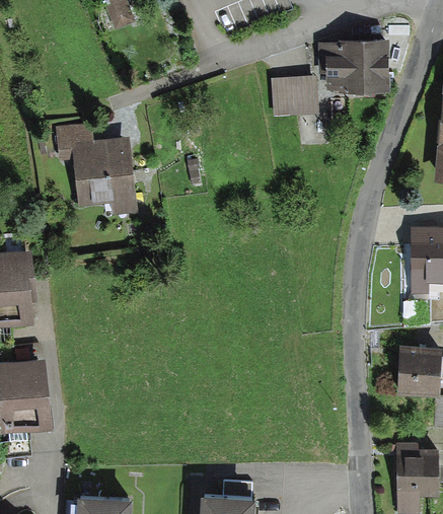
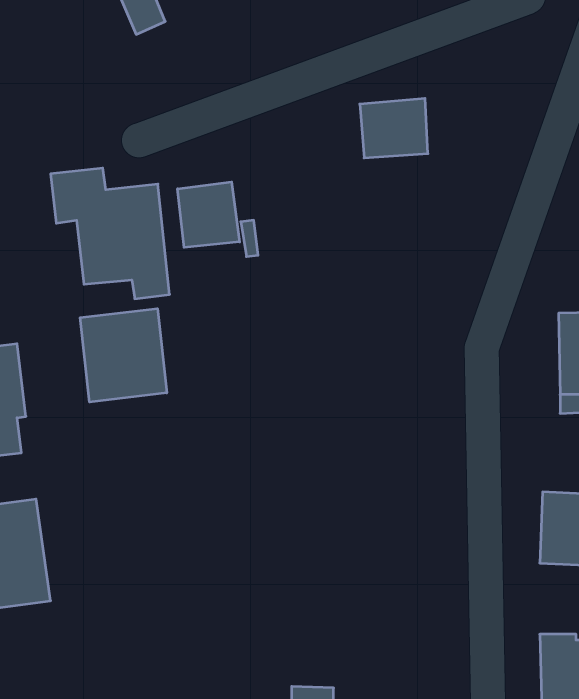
building: [316,36,390,92] -> none
building: none -> [178,182,240,247]
building: none -> [80,309,167,402]

